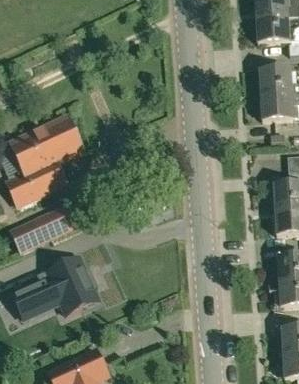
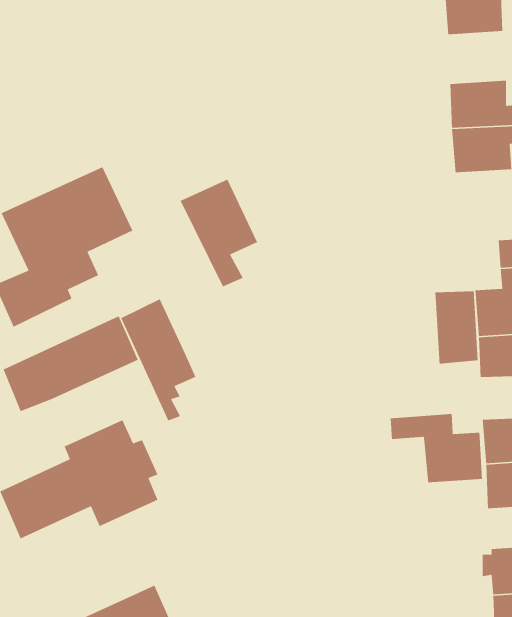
building: none -> [179,179,258,287]
building: none -> [435,291,479,365]
building: none -> [120,298,197,422]
building: none -> [390,413,483,483]

